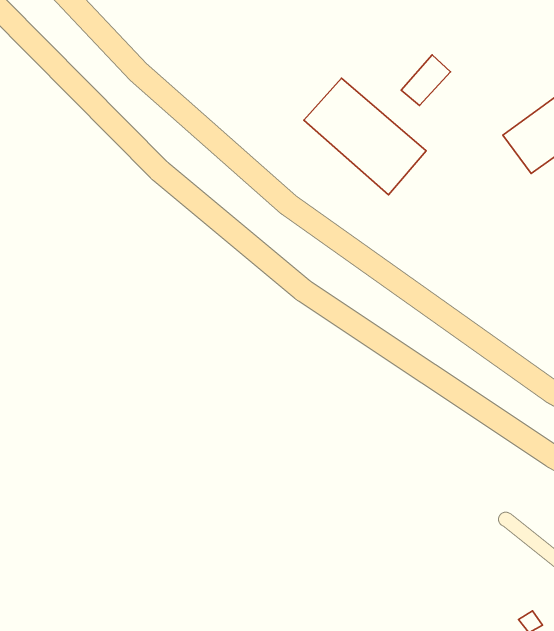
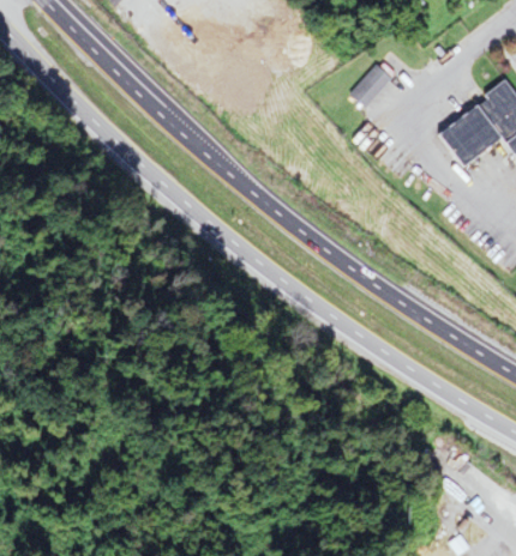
building: [304,78,426,195] -> none

